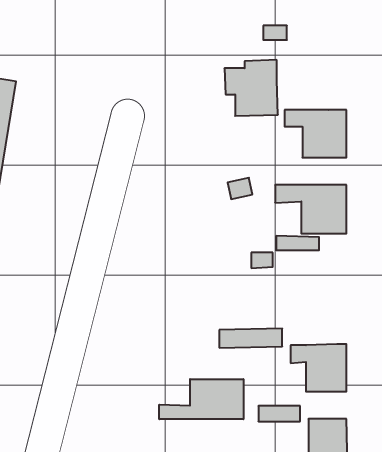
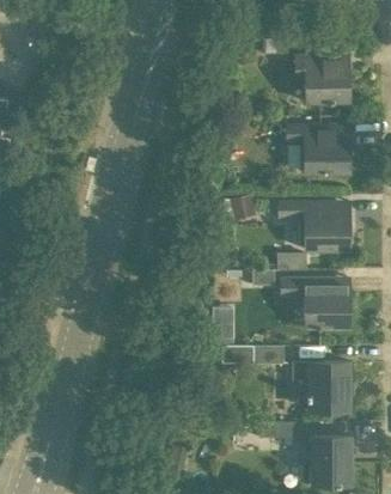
building: [224,60,278,116] -> [295,47,349,103]
building: none -> [281,279,349,327]
building: none -> [213,307,233,343]
building: [159,379,243,419] -> none

